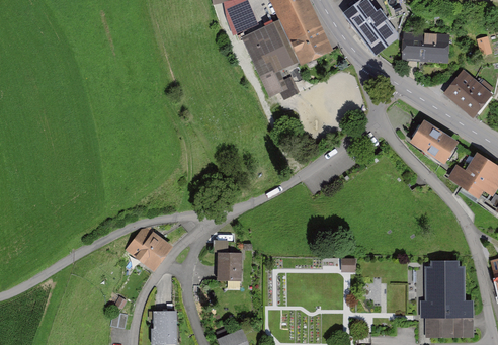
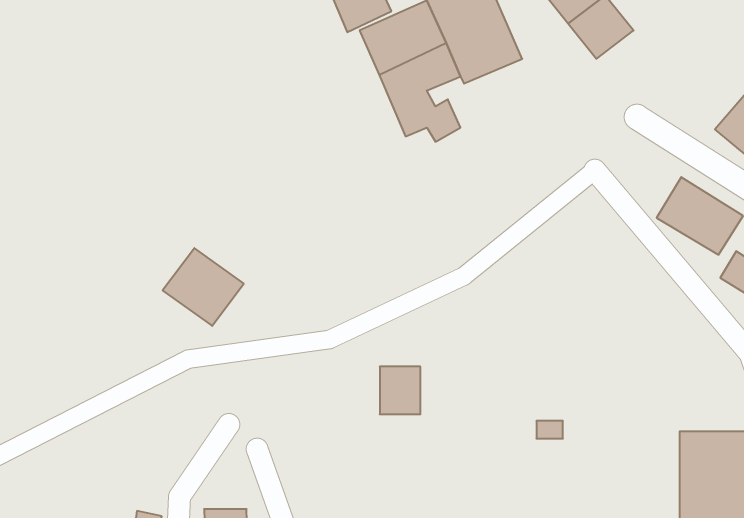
building: [401,32,449,63] -> none
building: [126,226,172,270] -> [163,248,244,326]
building: [218,252,241,279] -> [380,367,420,414]

